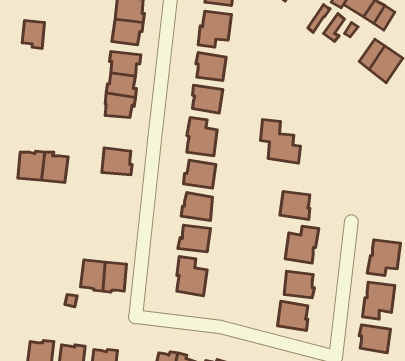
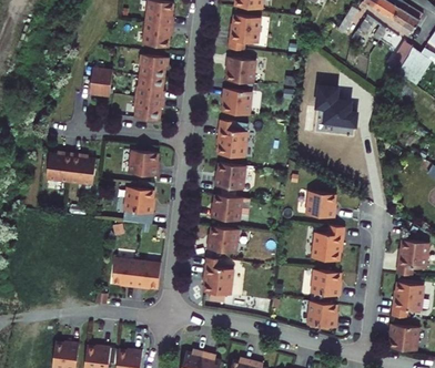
building: [22,20,45,48] -> [90,67,112,94]
building: [260,119,301,163] -> [315,85,355,129]
building: none -> [127,186,156,213]

